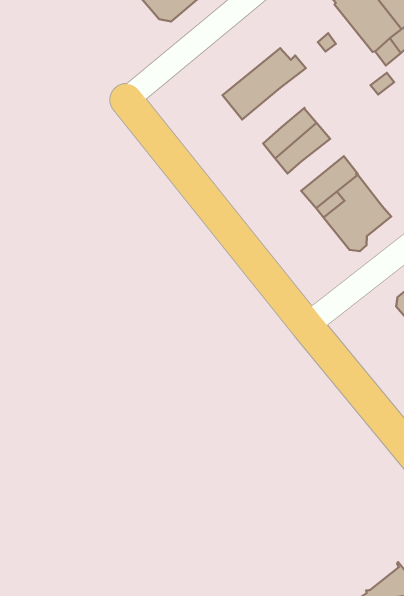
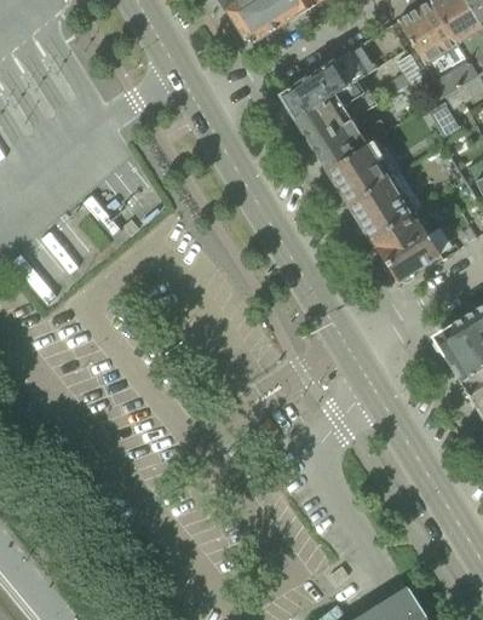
building: none -> [281,50,366,117]
building: none -> [311,117,387,168]
building: none -> [347,172,403,218]

